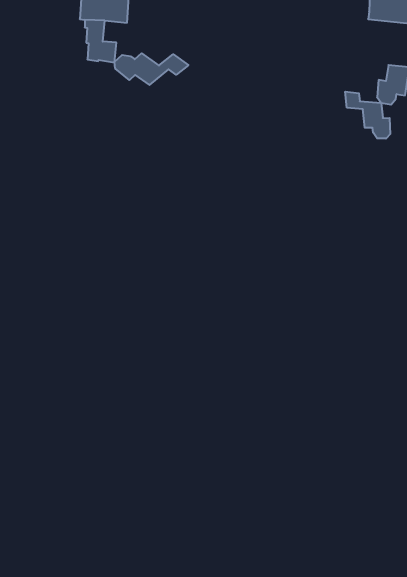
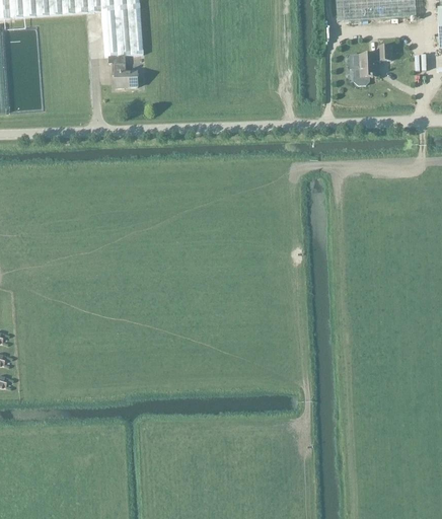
building: [115,53,188,85] -> none
building: [345,92,390,139] -> none

